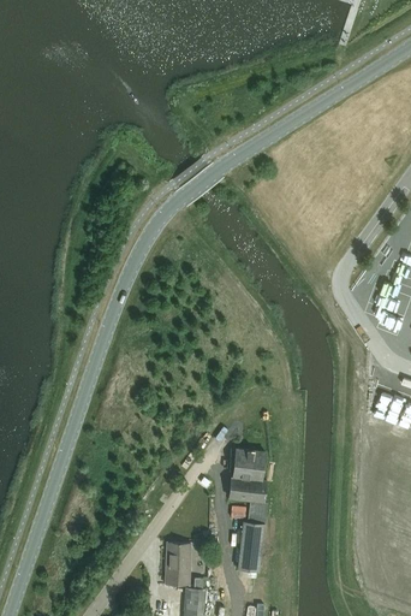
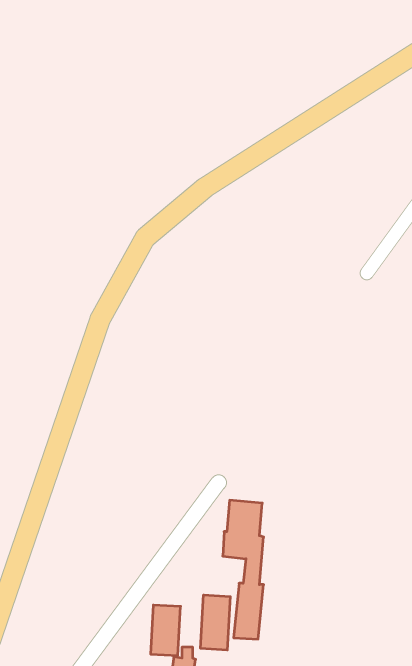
building: none -> [201,595,230,650]

